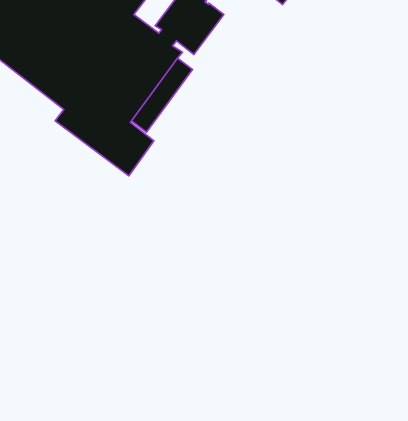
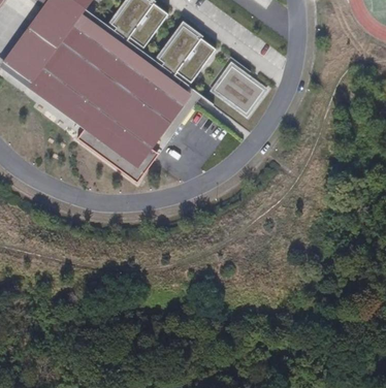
building: none -> [208,60,267,117]

